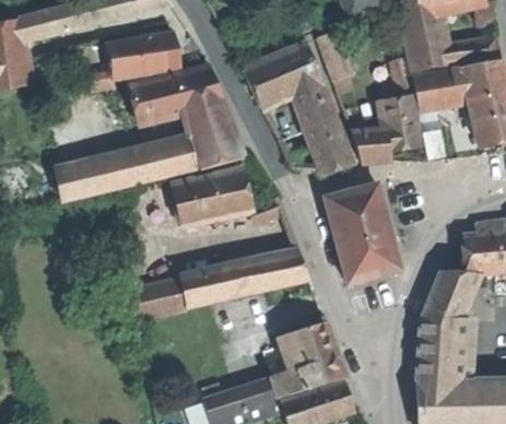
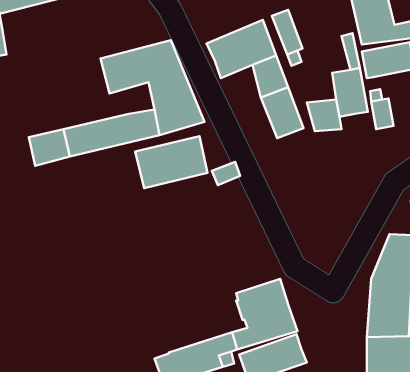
building: [106,30,179,78] -> none
building: [327,185,402,284] -> none
building: [118,250,309,320] -> none

